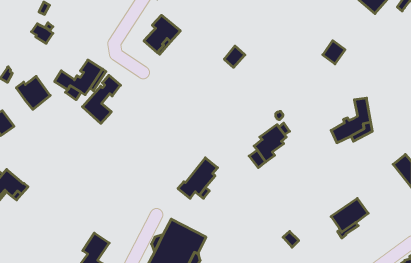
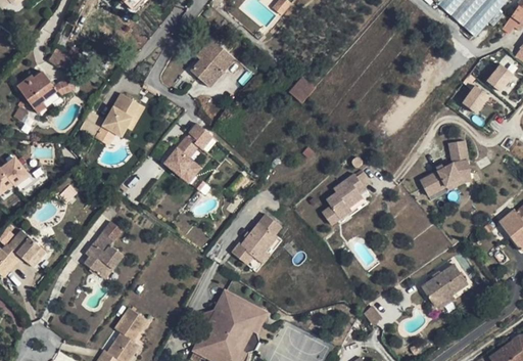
building: none -> [486,62,514,91]
building: [323,41,345,64] -> [463,85,490,114]
building: [82,75,121,123] -> [164,123,211,182]
building: [16,76,50,109] -> [17,71,59,111]
building: none -> [84,231,124,278]

